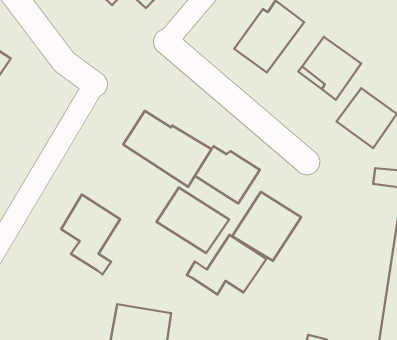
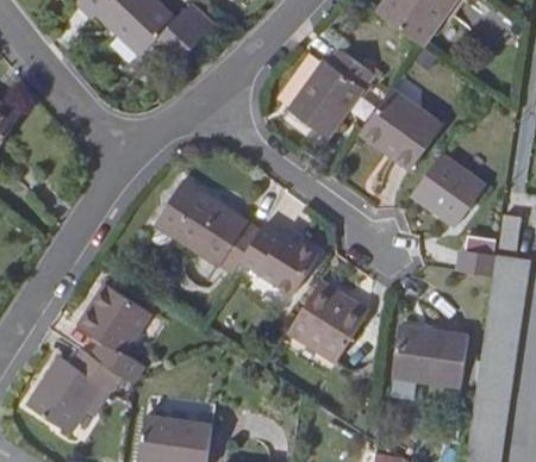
building: [156,187,229,253] -> none
building: none -> [392,325,469,387]
building: [187,235,267,294] -> none
building: none -> [29,349,124,433]

